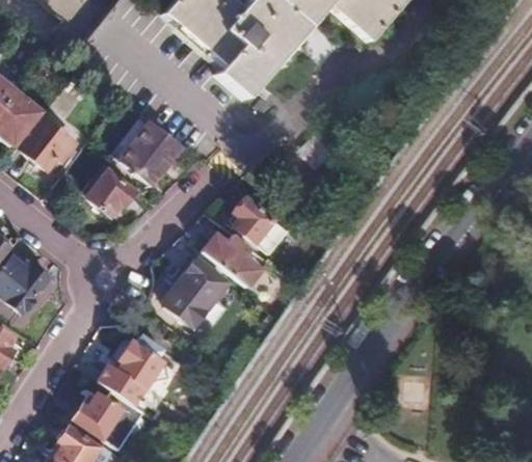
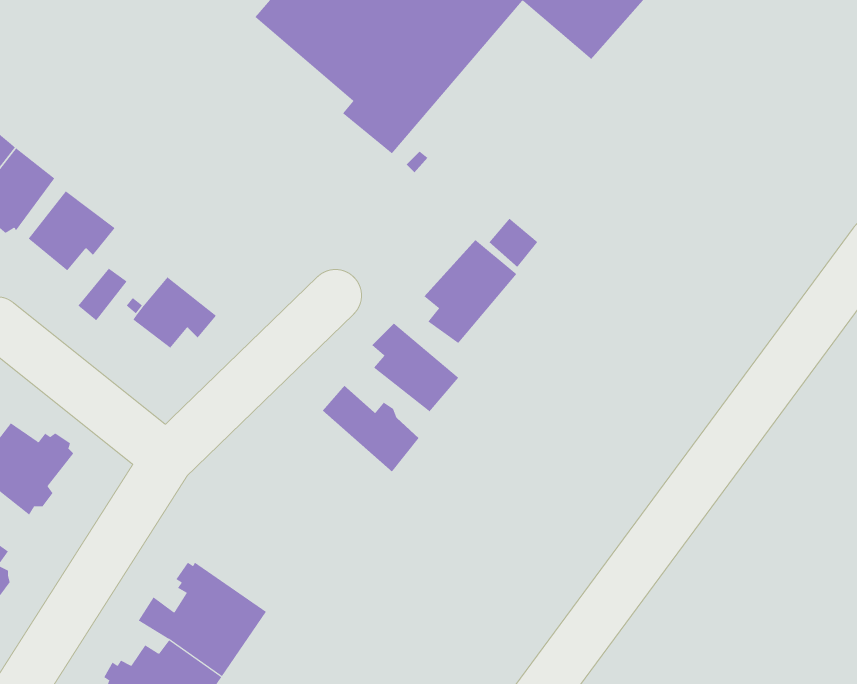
building: [122,121,185,186] -> none
building: none -> [424,239,517,344]
building: [161,255,227,329] -> none

